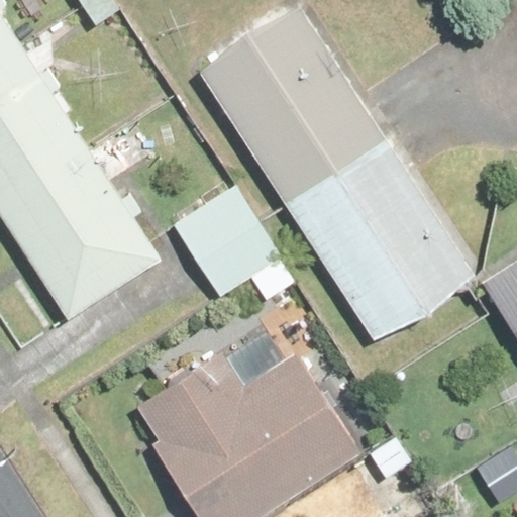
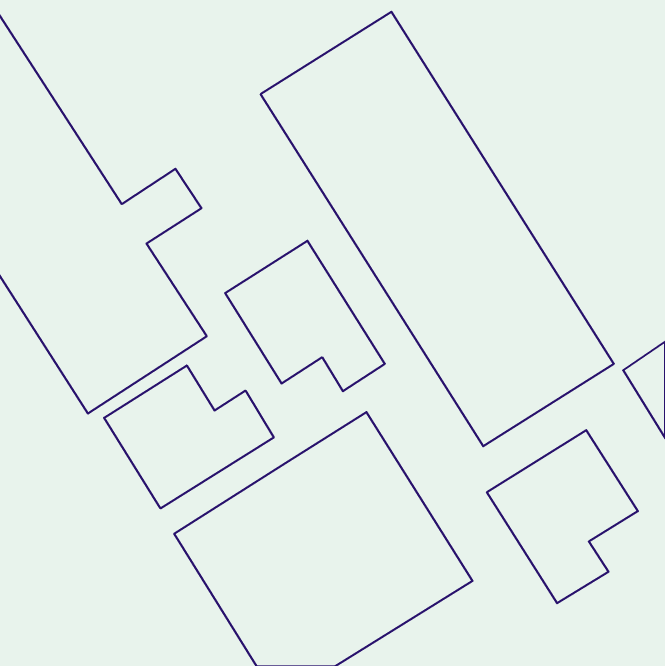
building: none -> [104,365,274,508]
building: none -> [487,430,638,603]

